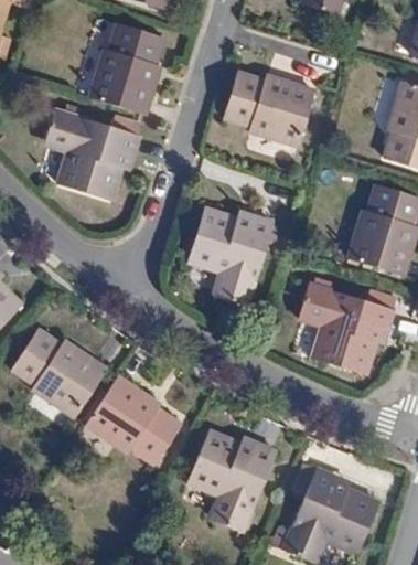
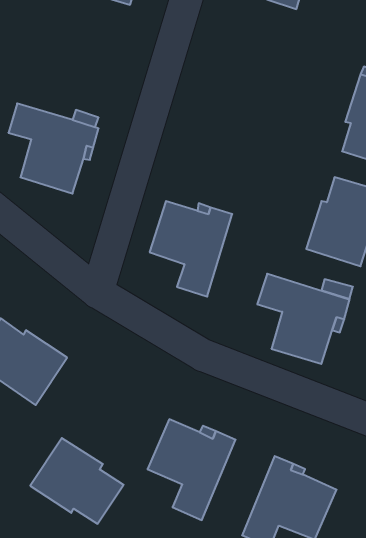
building: [90,22,162,111] -> none
building: [223,72,314,145] -> none
building: [86,376,181,463] -> [30,438,124,524]

